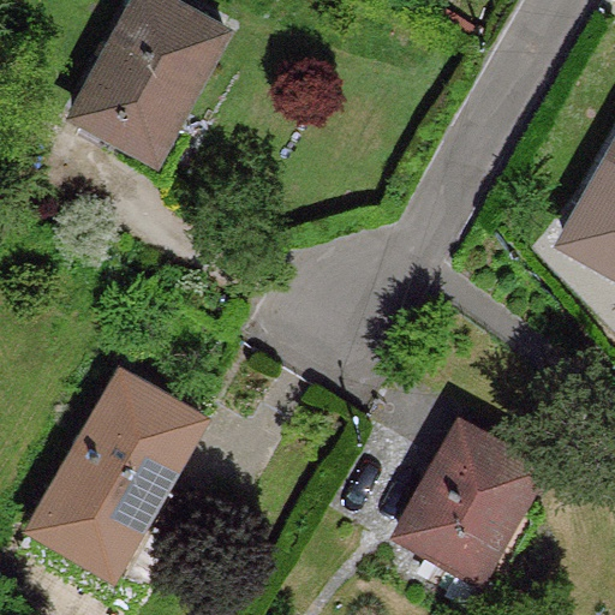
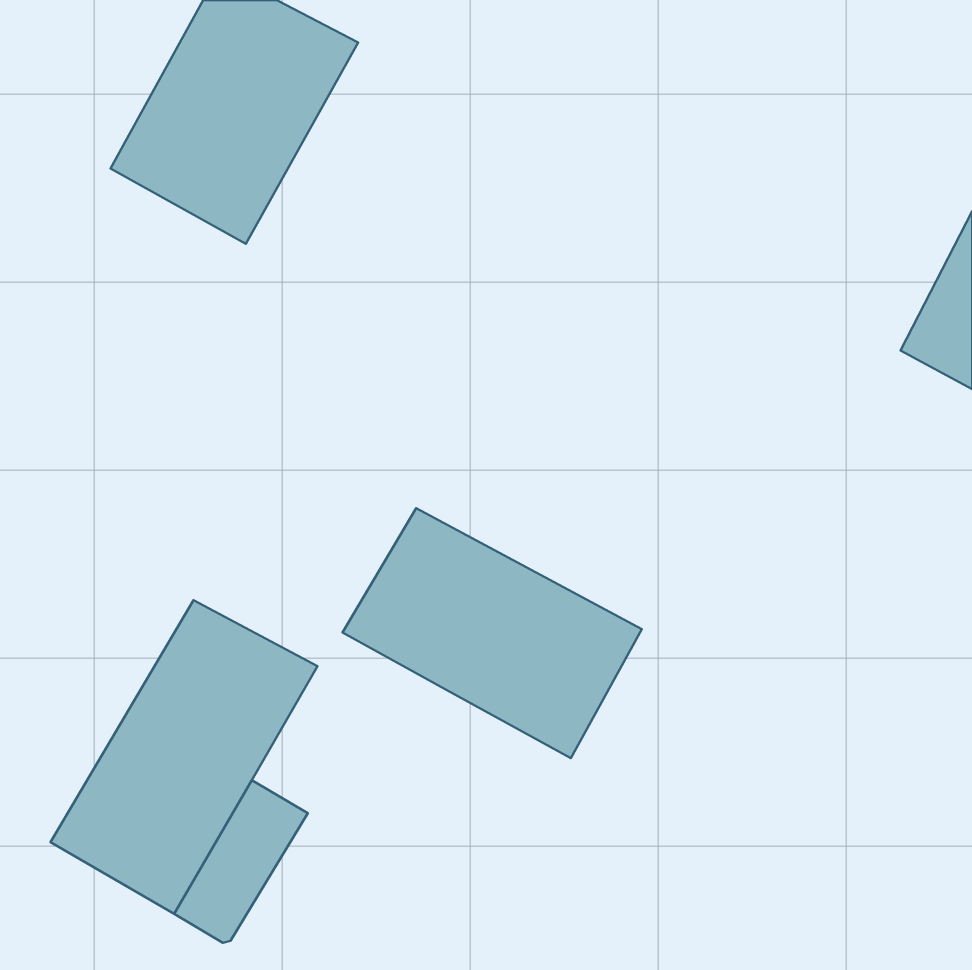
building: none -> [343,508,642,758]
building: [398,423,536,573] -> none

